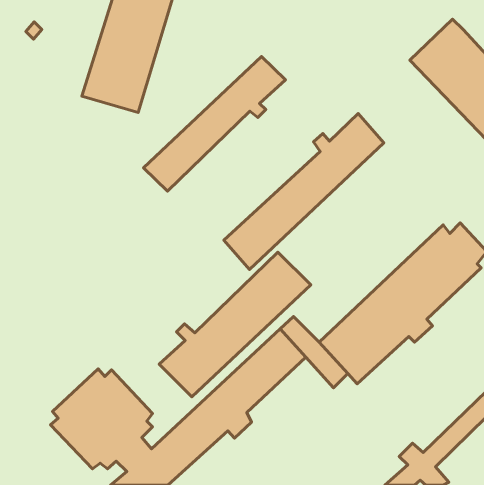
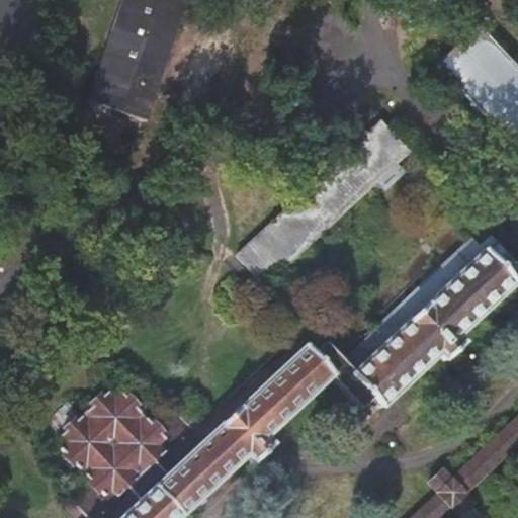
building: [144,57,285,191] -> none
building: [159,252,311,397] -> none

